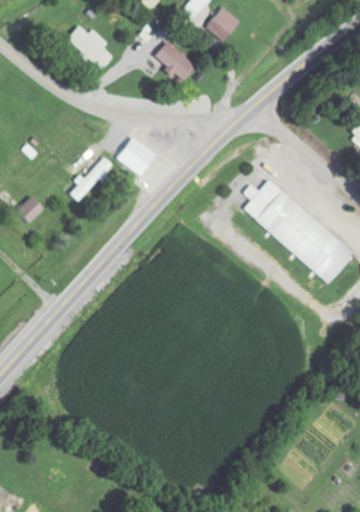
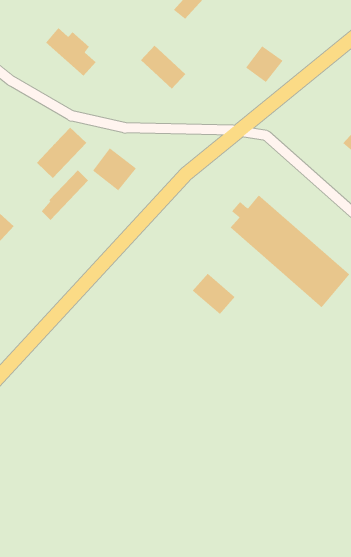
building: [211,8,246,42] -> [245,46,284,83]
building: none -> [36,127,87,179]
building: none -> [192,273,235,315]

